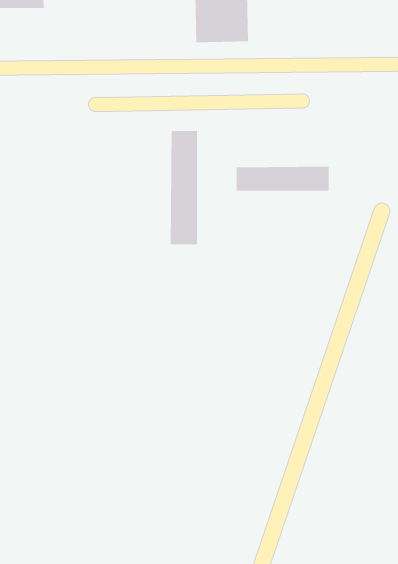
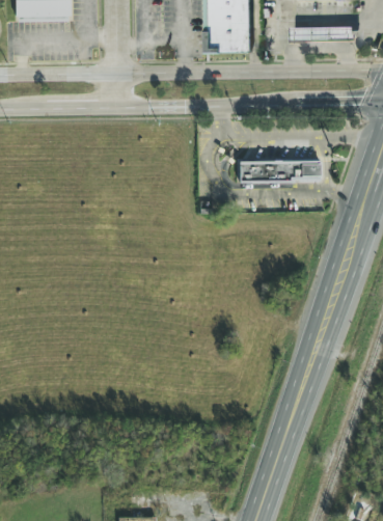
building: none -> [291,25,354,42]
building: [170,130,198,245] -> none

